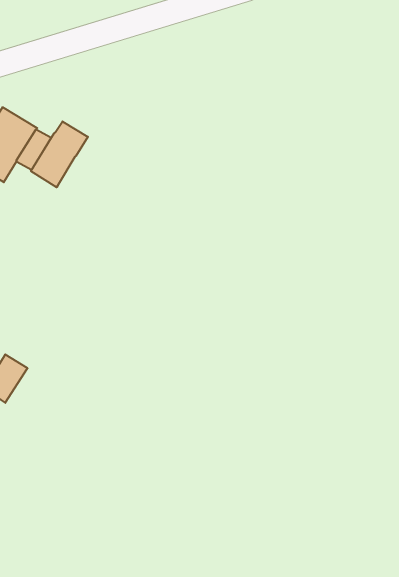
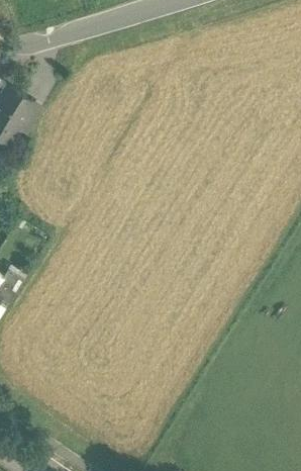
building: [31,121,88,187] -> none

